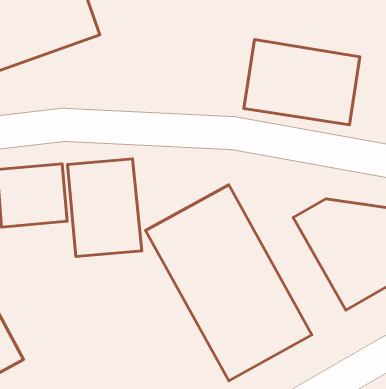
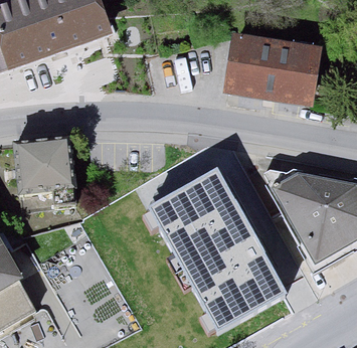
building: [68,159,142,257] -> none

